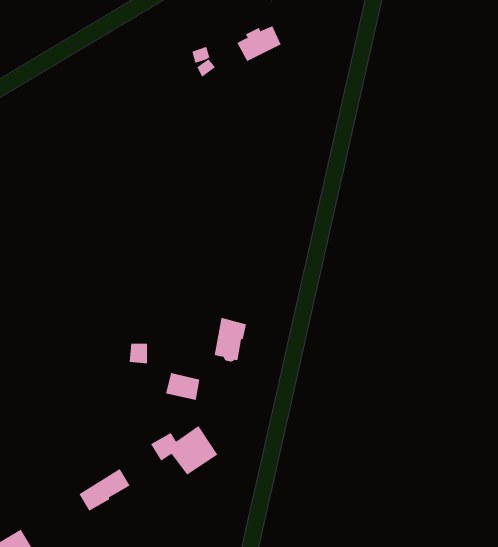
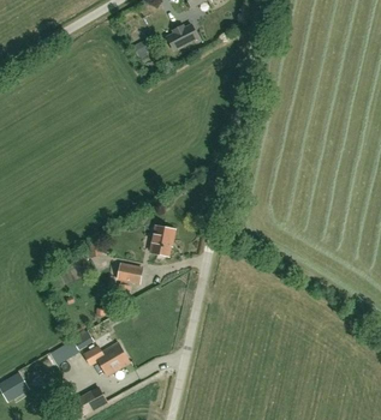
building: [150,425,218,475] -> [82,342,129,377]

